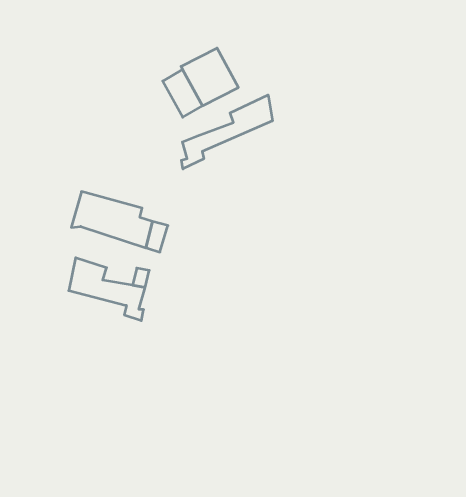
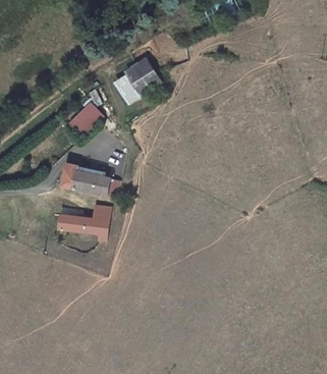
building: [181,95,272,169] -> none
building: none -> [68,98,104,133]

